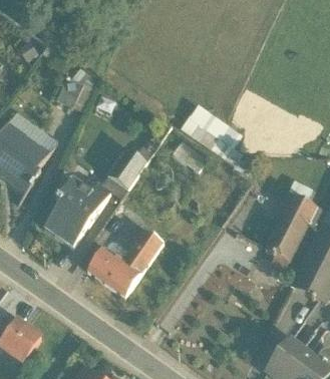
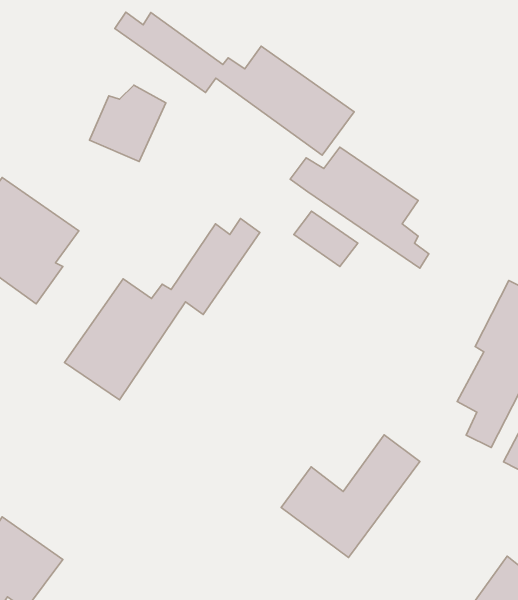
building: none -> [115,12,354,155]
building: [86,227,164,296] -> [281,435,420,557]

